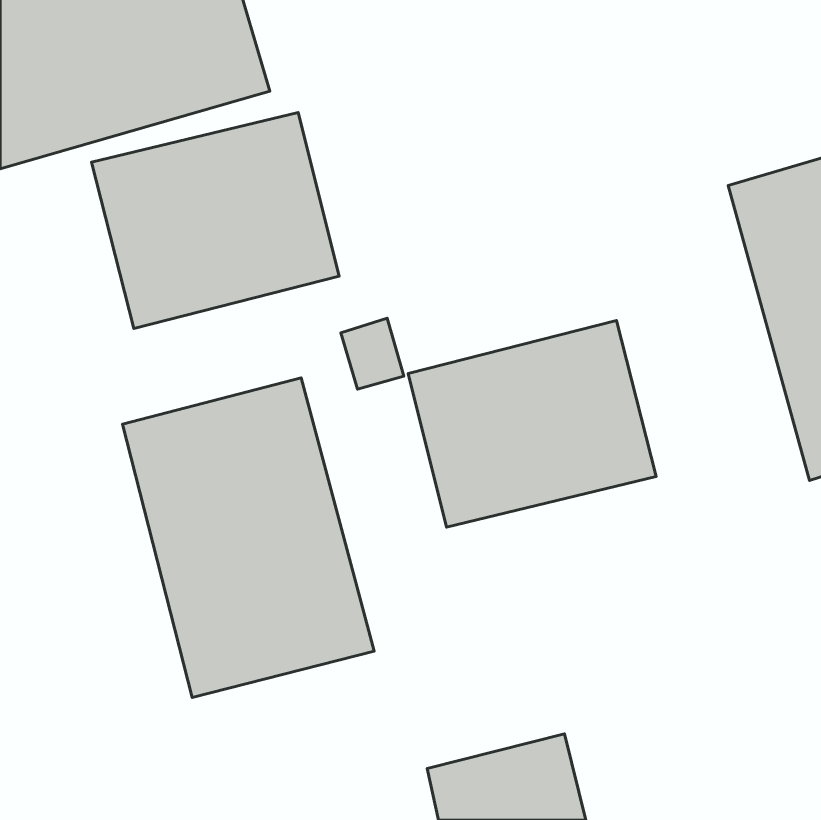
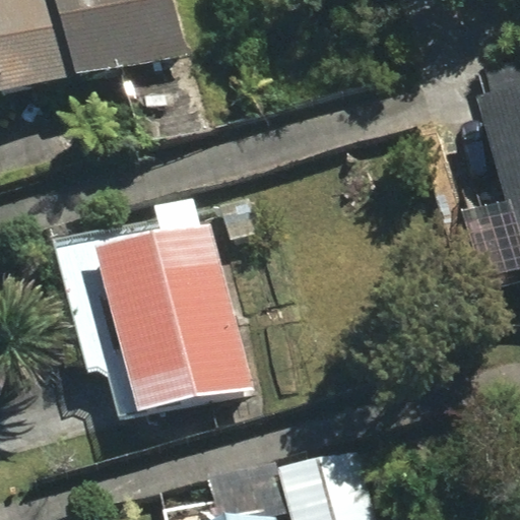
building: [92,112,339,329] -> none
building: [408,321,656,527] -> none

